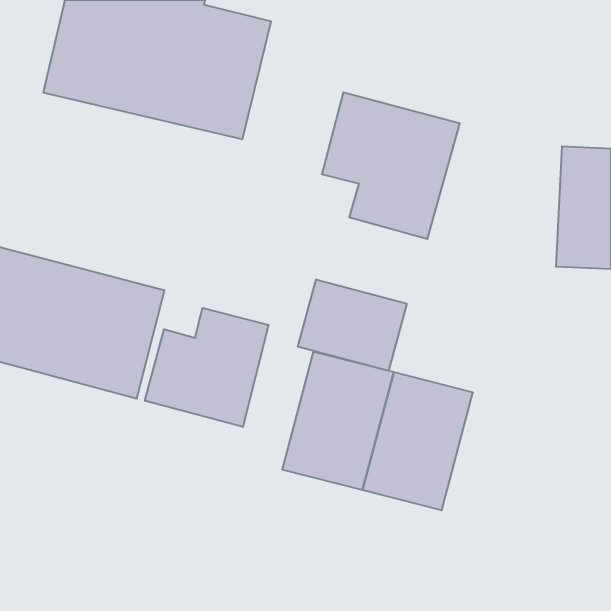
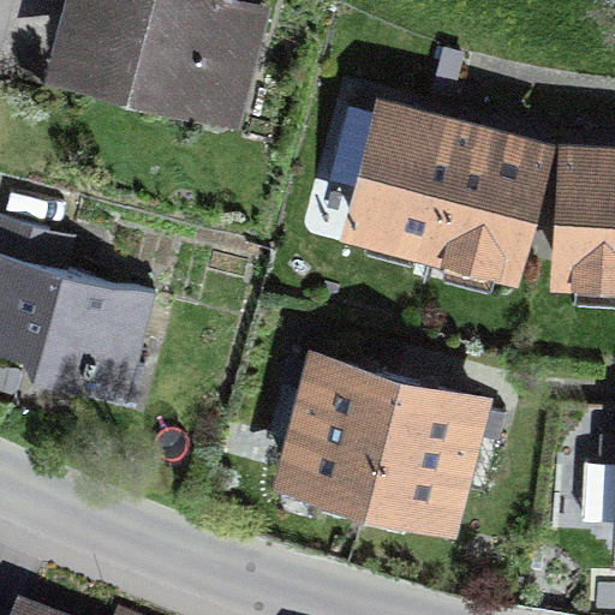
building: none -> [428,126,541,263]
building: [298,279,407,371] -> none
building: [145,308,269,427] -> none

